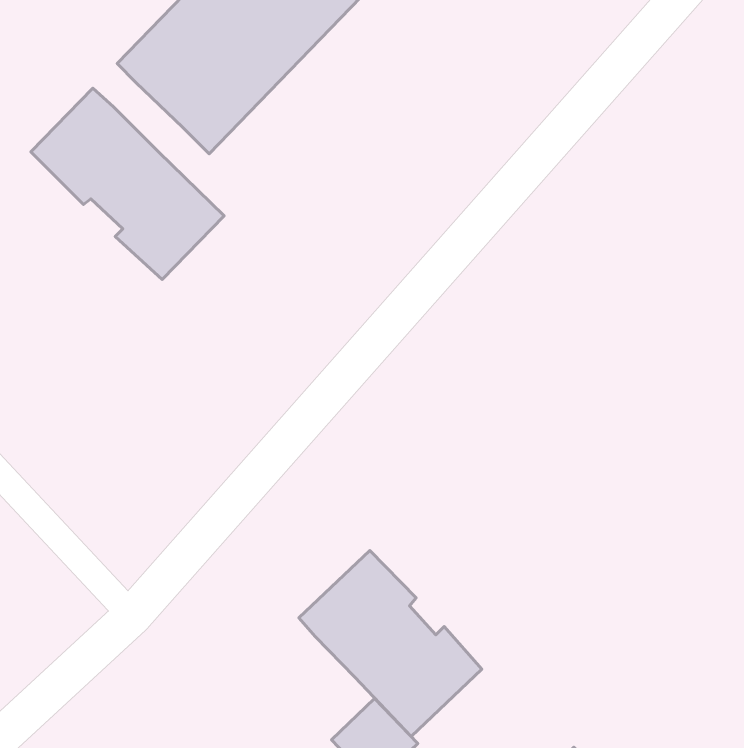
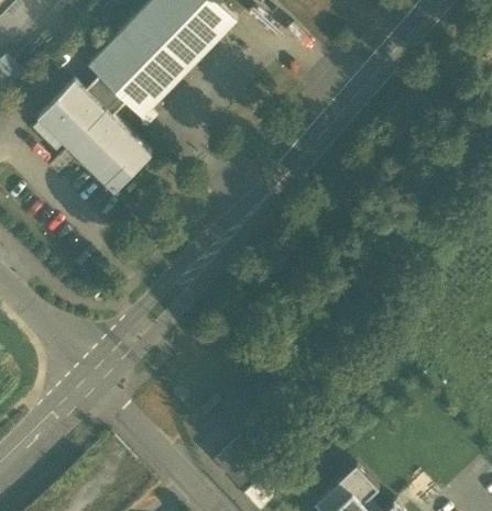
building: none -> [85,78,125,119]
building: [299,550,482,736] -> none

